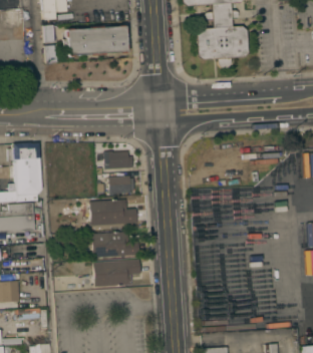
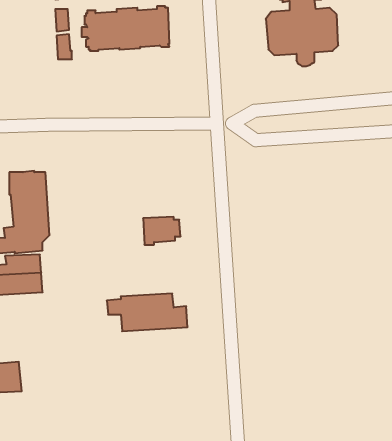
building: [101,149,132,168] -> none
building: [89,199,136,225] -> none
building: [93,259,140,287] -> none

